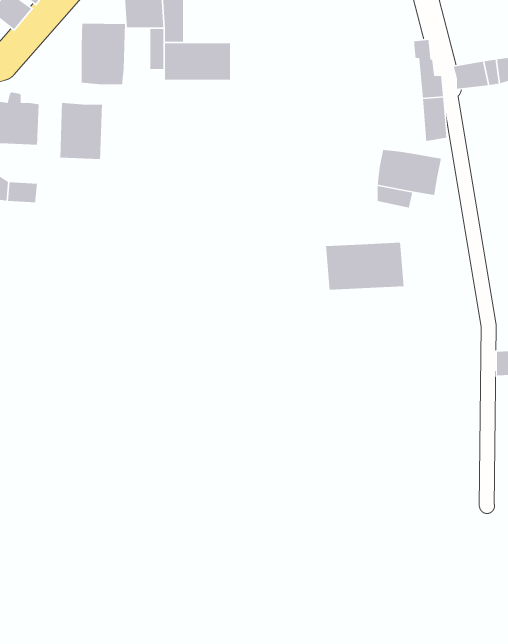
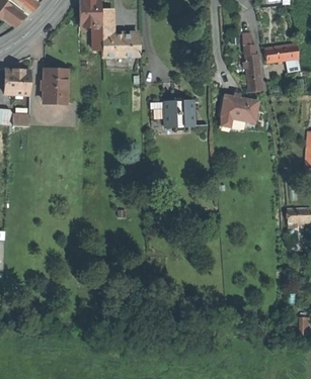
building: [81,23,126,85] -> none
building: [325,242,404,291] -> [150,100,195,127]

